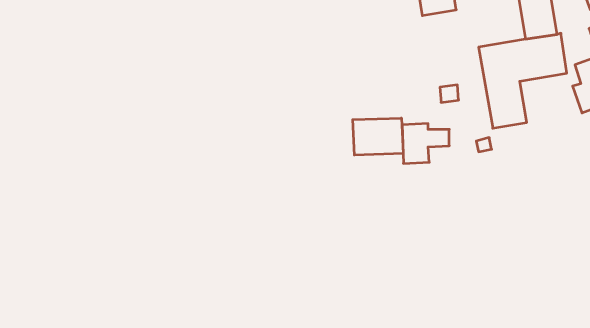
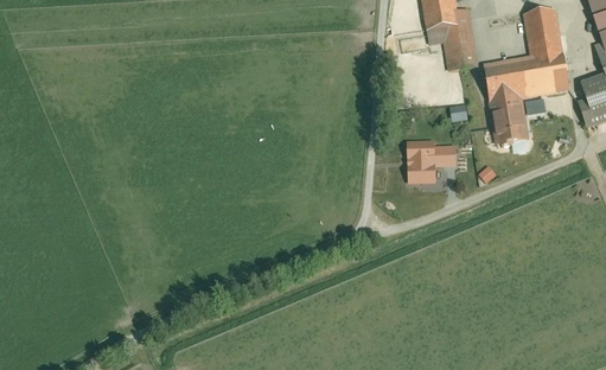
building: none -> [427,25,479,71]
building: [353,118,403,155] -> none

